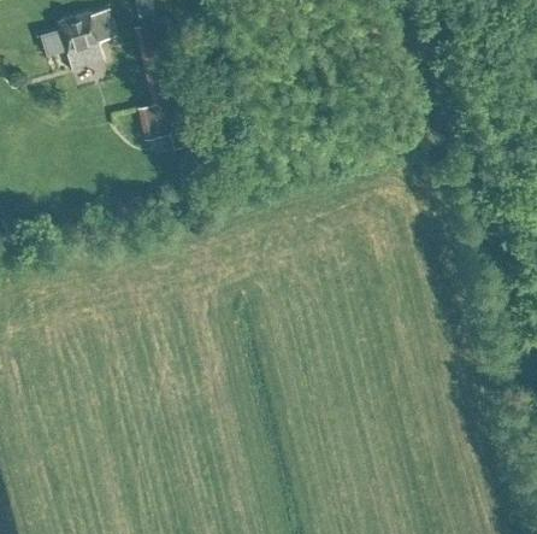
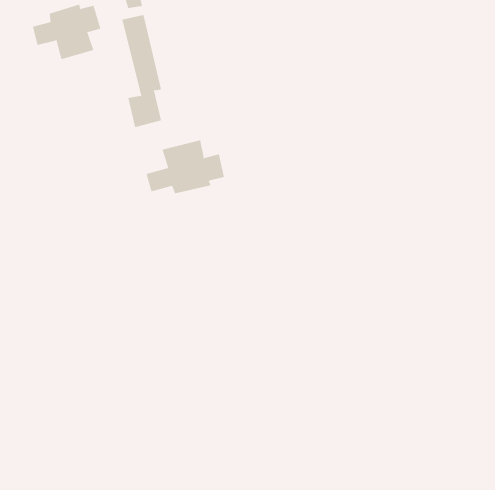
building: none -> [146,139,225,194]

